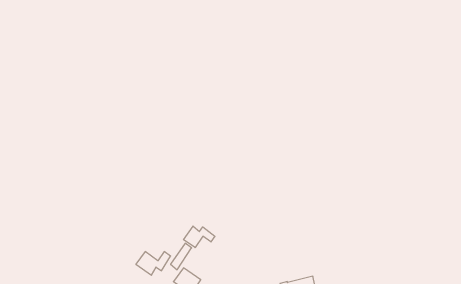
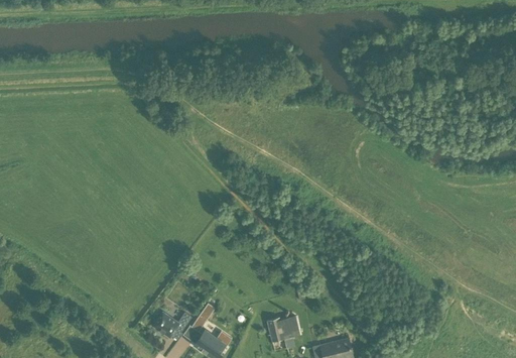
building: [184,226,215,248] -> none
building: none -> [266,317,301,340]

